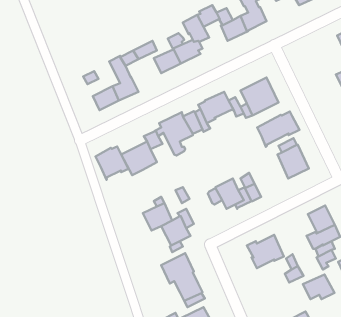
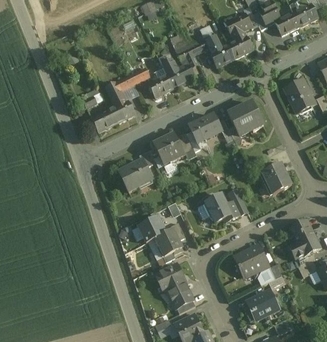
building: none -> [283,79,314,112]
building: [257,112,299,147] -> none
building: [95,146,128,180] -> none
building: [303,274,334,299] -> [248,292,277,315]

